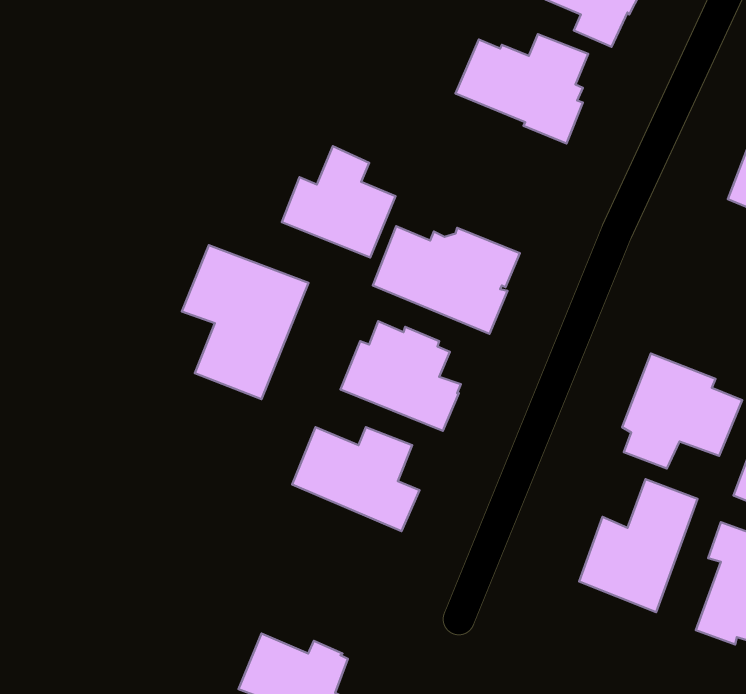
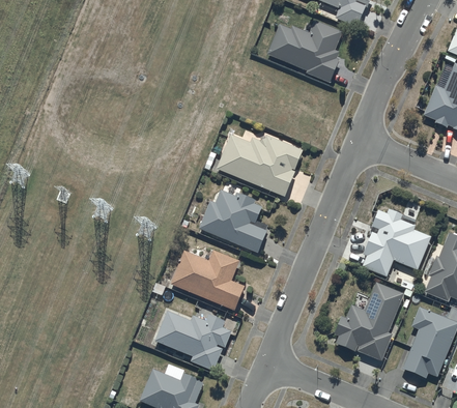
building: [282,146,396,258] -> none
building: [182,245,309,399] -> none
building: none -> [155,311,232,371]

